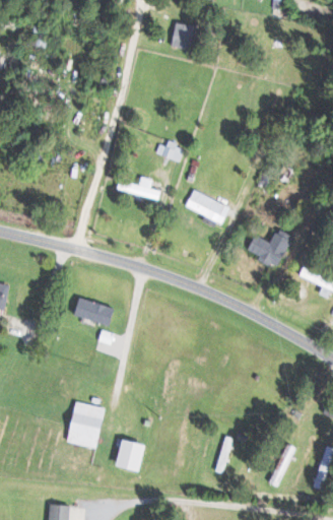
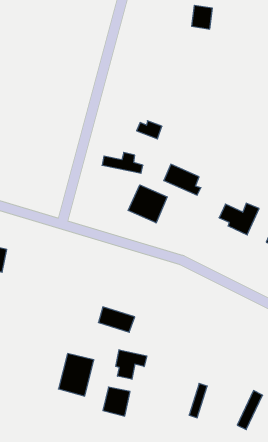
building: [170,22,193,49] -> [192,5,212,29]
building: none -> [128,185,167,223]
building: [75,298,116,326] -> [98,307,135,332]
building: none -> [116,350,147,379]

